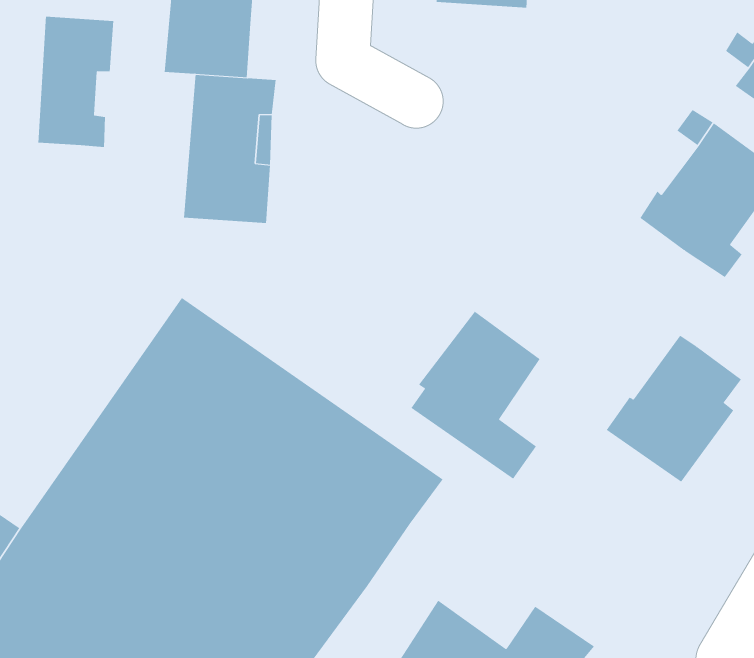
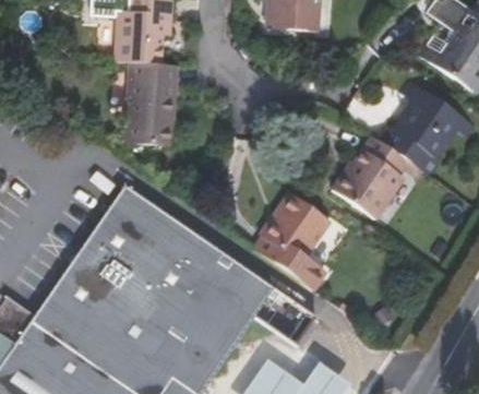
building: [38,16,114,148] -> none
building: [606,335,742,482] -> [331,135,407,218]

